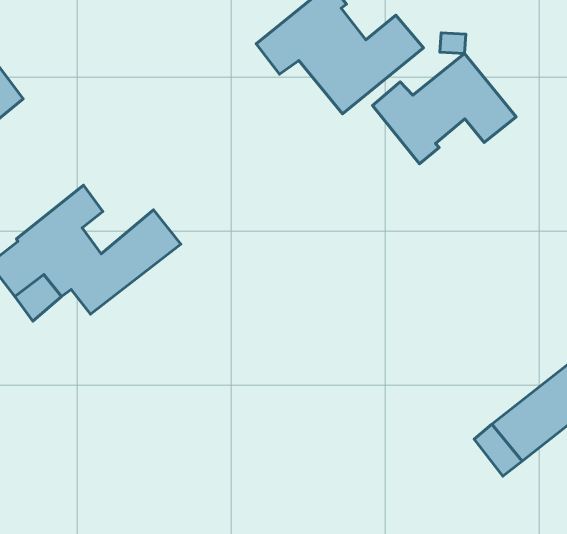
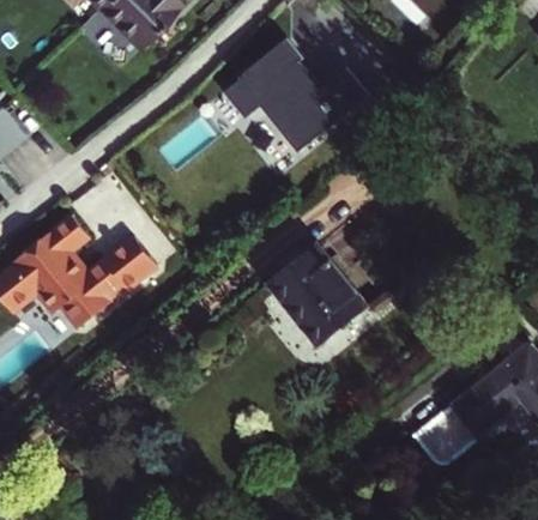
building: [372,53,516,164] -> none
building: none -> [271,244,371,347]

